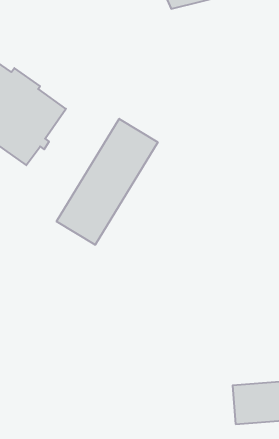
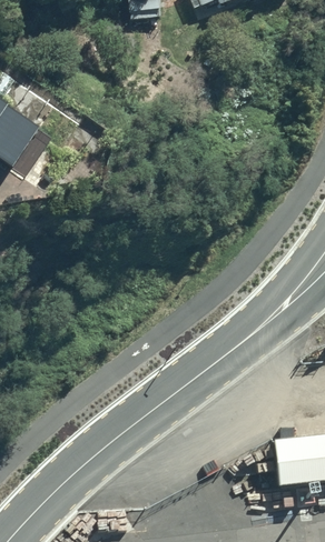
building: [57,119,158,245] -> none

